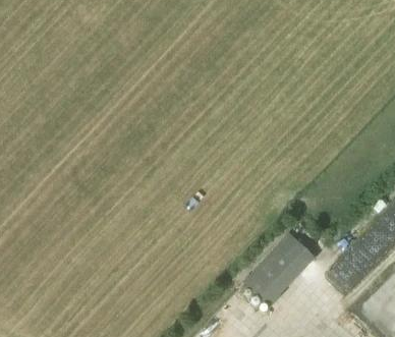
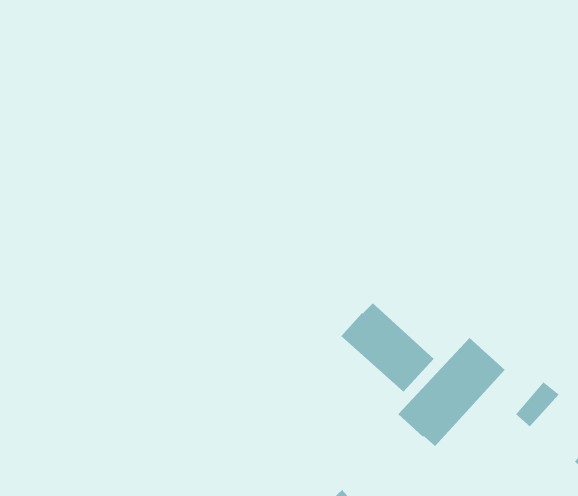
building: none -> [340,302,434,392]

